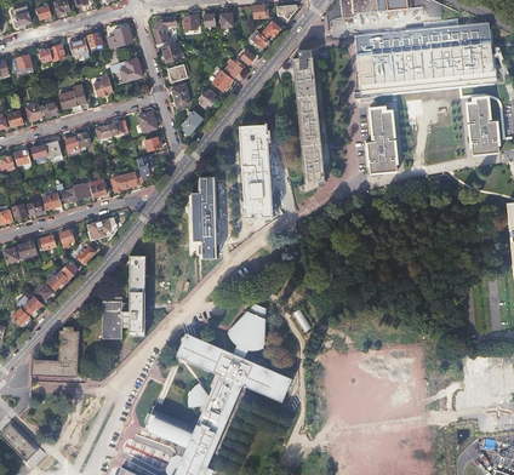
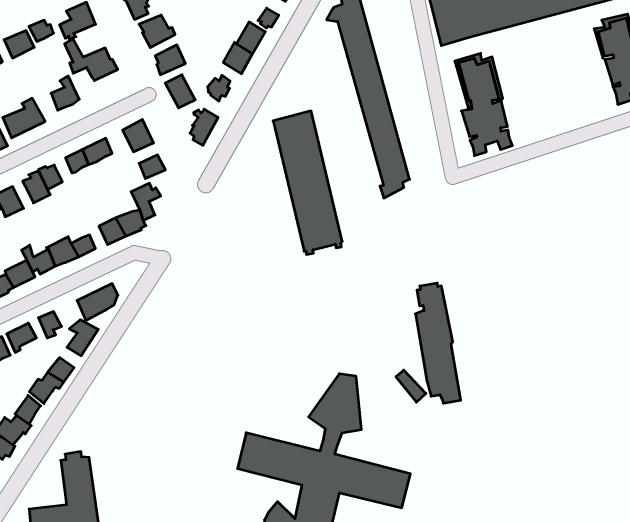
building: [194,177,216,258] -> [415,283,461,403]
building: [101,256,145,338] -> none

